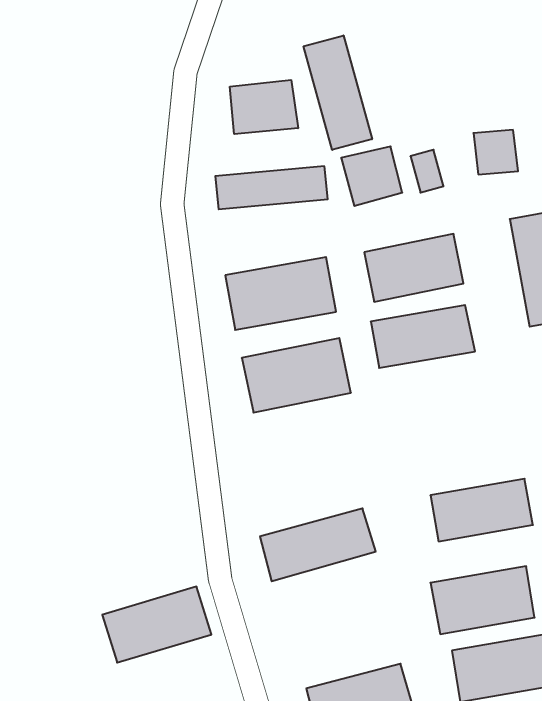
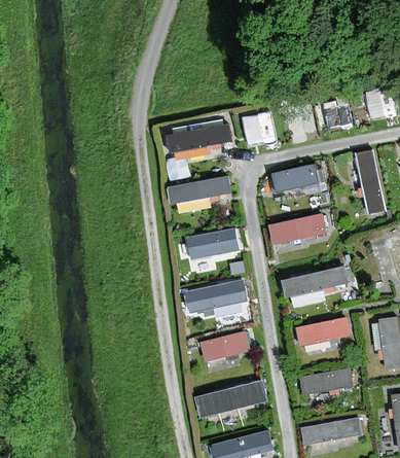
building: [304,35,372,150] -> none
building: [230,80,298,134] -> none
building: none -> [291,266,355,305]
building: none -> [181,278,251,321]
building: [102,587,211,663] -> [203,378,270,425]

